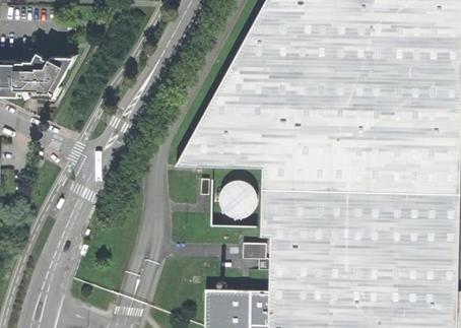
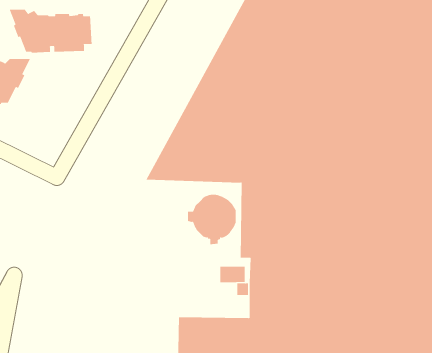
building: none -> [9,9,92,54]

